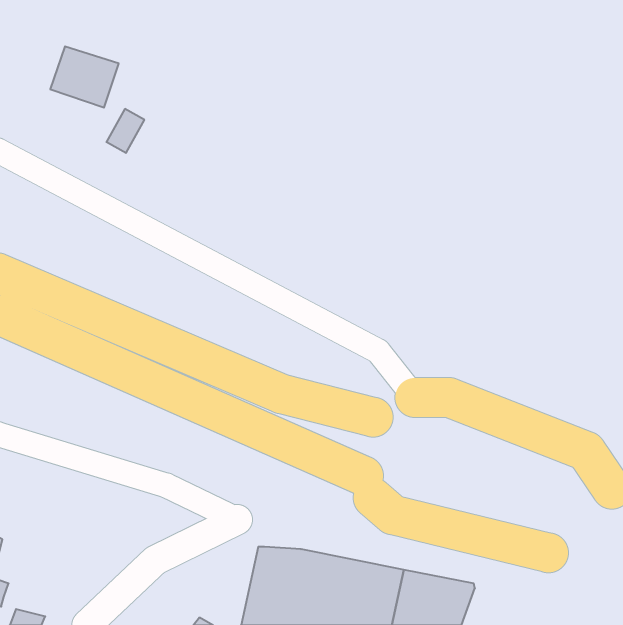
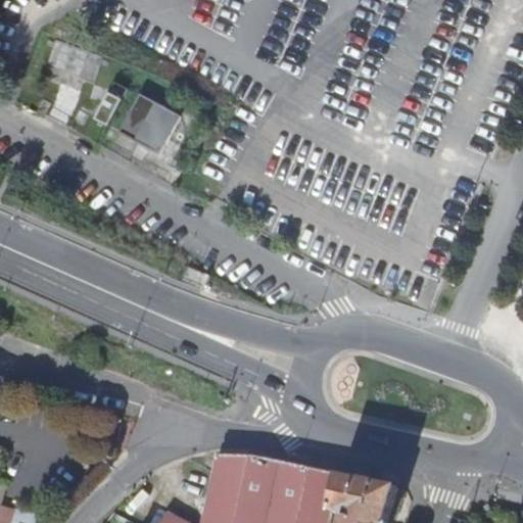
building: none -> [116,95,178,154]

